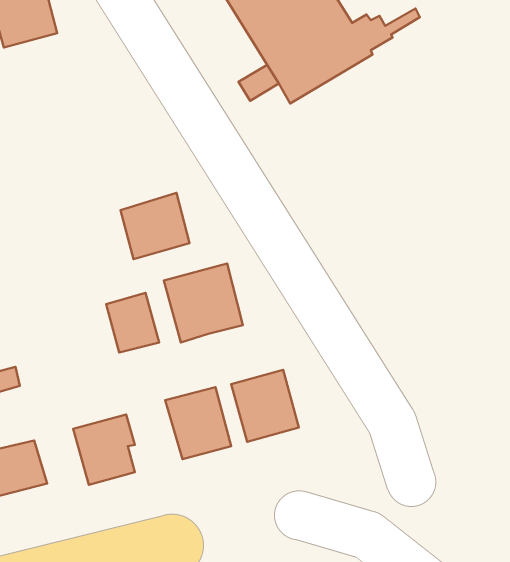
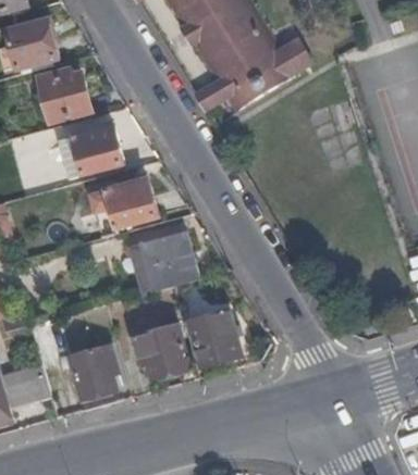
building: none -> [38,70,91,122]
building: none -> [73,126,125,175]
building: [106,293,159,353] -> none

